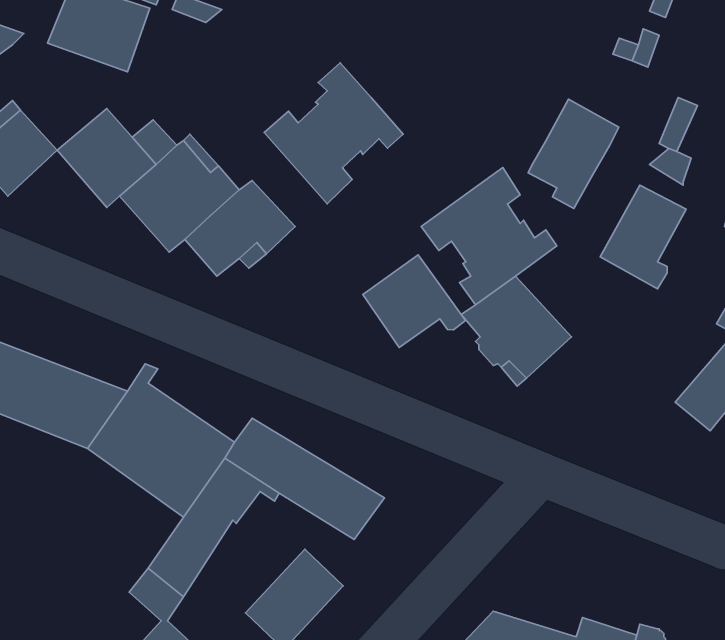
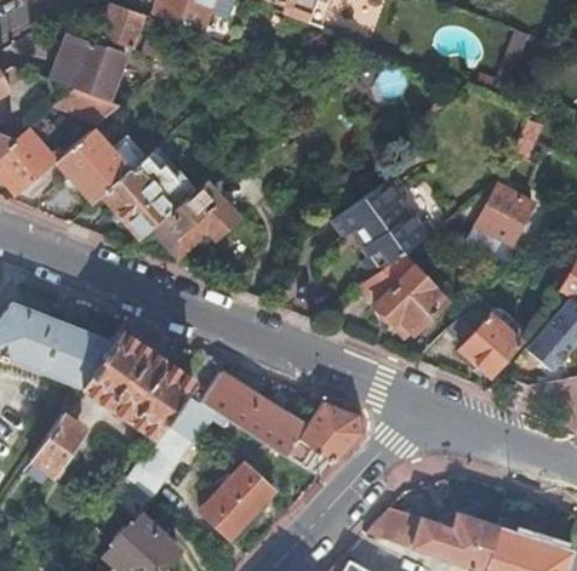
building: none -> [57,87,121,122]
building: [264,63,403,204] -> none
building: [528,99,619,208] -> none
building: [363,255,465,347] -> none
building: none -> [446,302,522,377]
building: none -> [282,400,360,478]
building: none -> [29,413,81,475]

